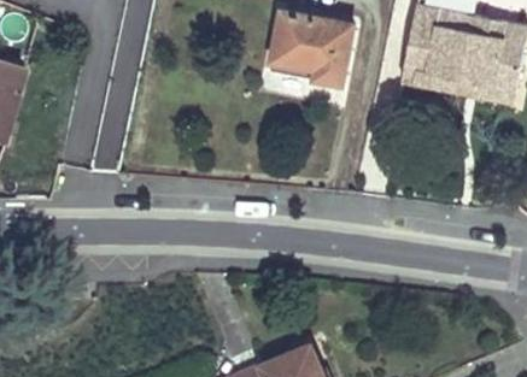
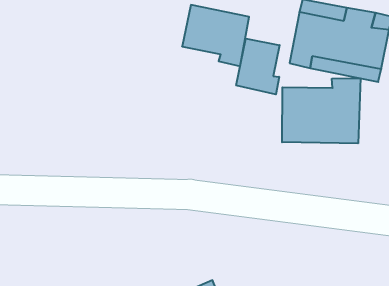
building: none -> [236,39,280,94]
building: none -> [282,78,360,143]

